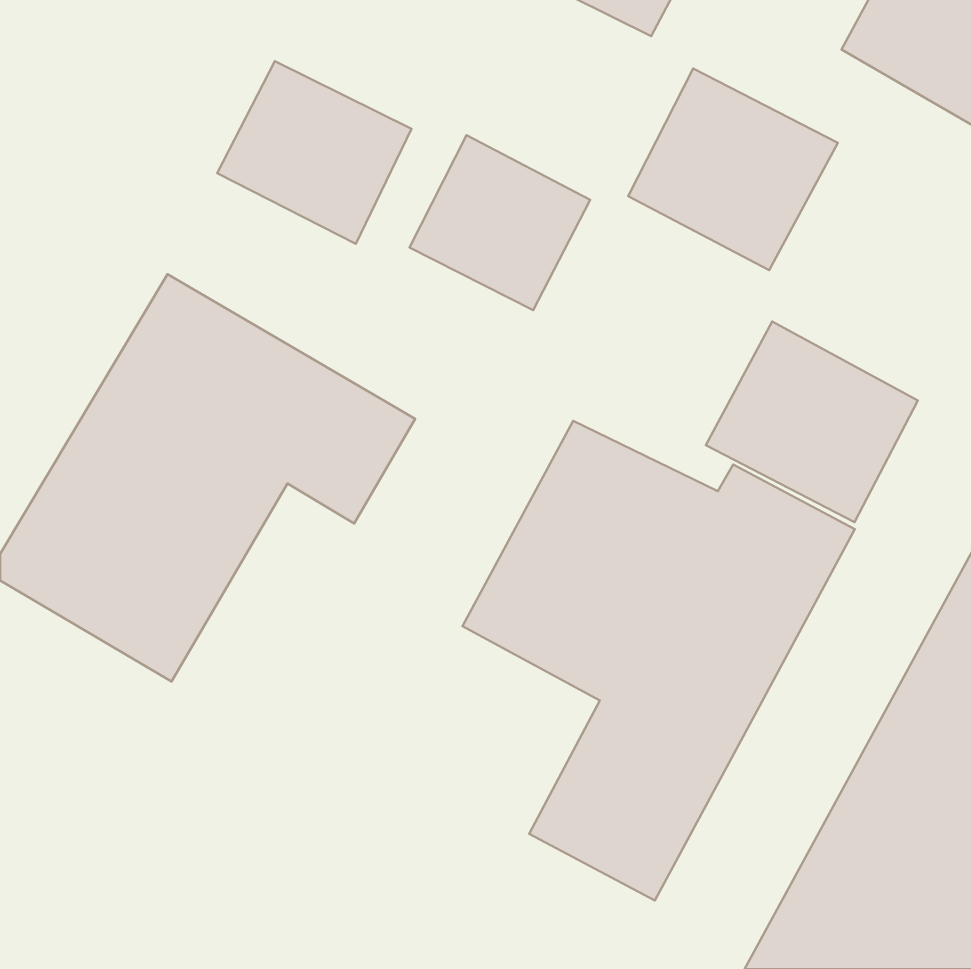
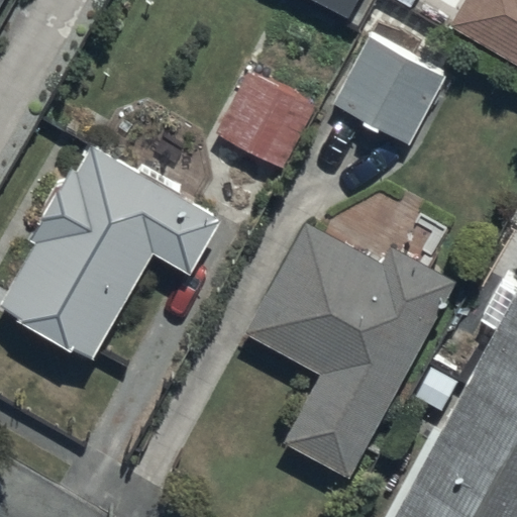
building: [217,61,411,244] -> none
building: [706,322,918,522] -> none

